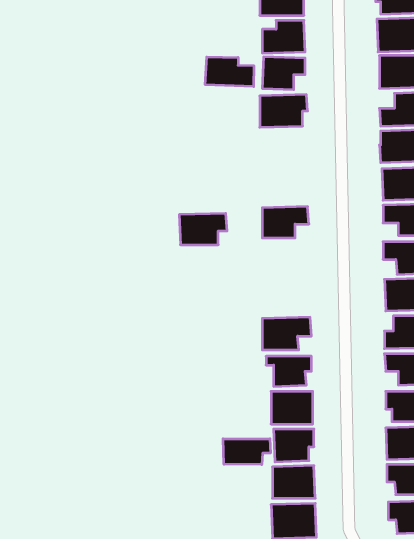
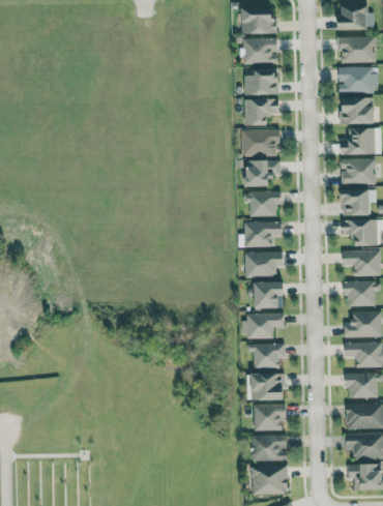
building: [205,57,254,87] -> none
building: none -> [245,159,281,187]
building: none -> [244,191,282,217]
building: [179,213,227,245] -> [244,251,284,277]
building: none -> [248,282,285,308]
building: [223,439,270,465] -> none

